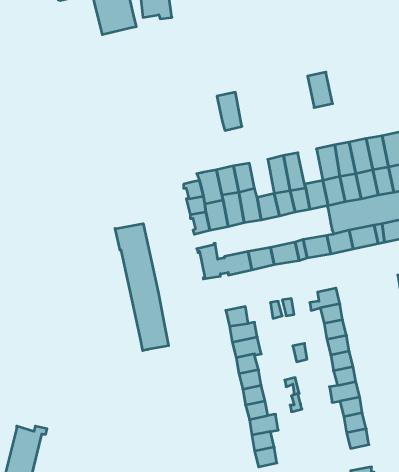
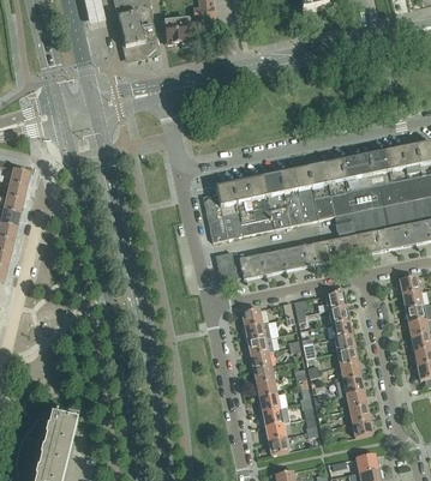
building: [308,72,333,108] -> [307,162,330,194]
building: [217,92,242,130] -> [263,172,286,206]
building: [115,224,169,351] -> none

